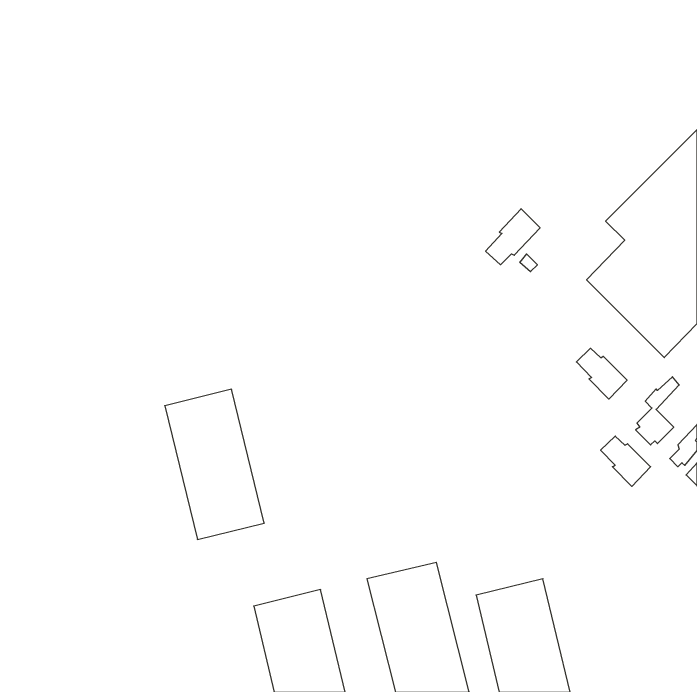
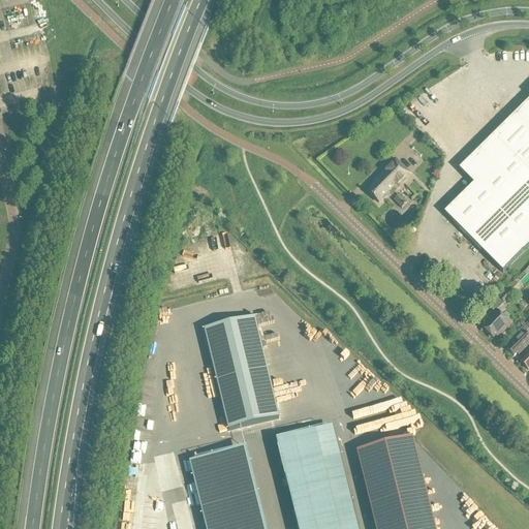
building: [576,348,627,399] -> none
building: [165,389,264,539] -> [204,315,279,429]
building: [601,436,651,486] -> none

